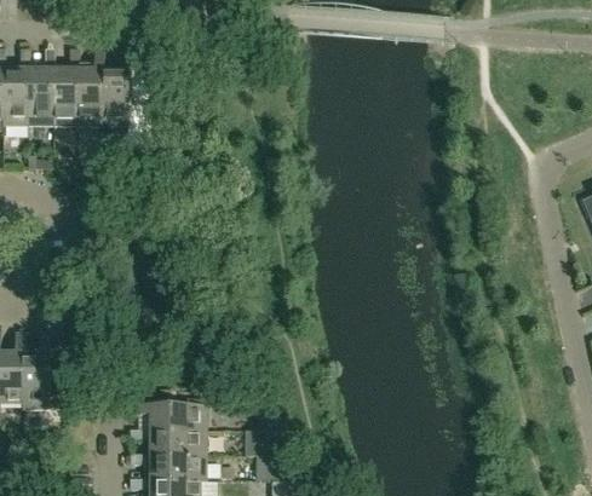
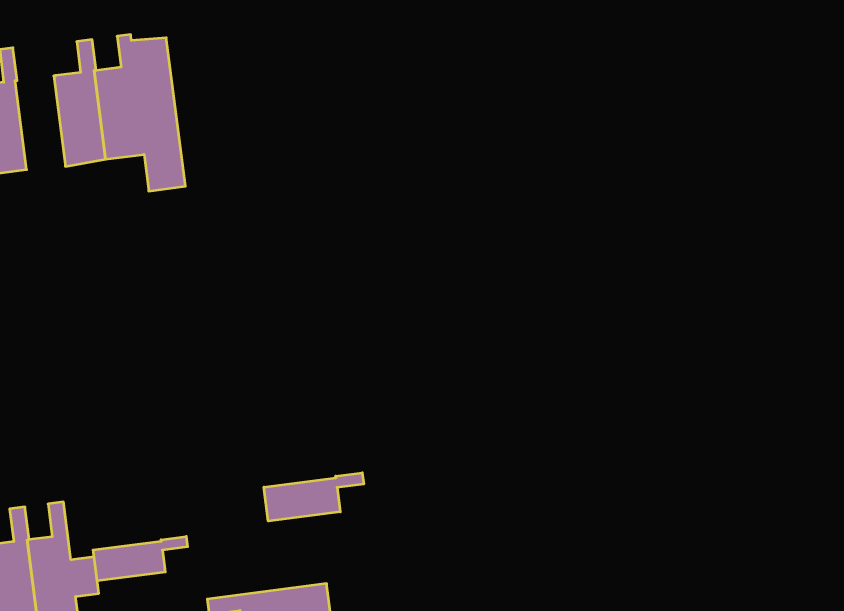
building: [53,50,79,126] -> none
building: none -> [264,473,364,521]
building: none -> [93,536,188,581]

